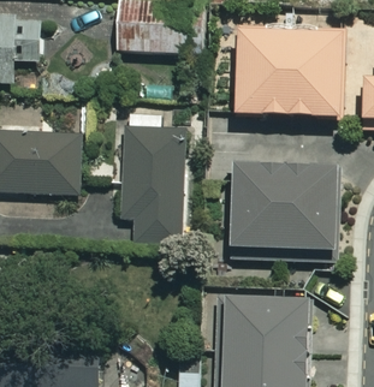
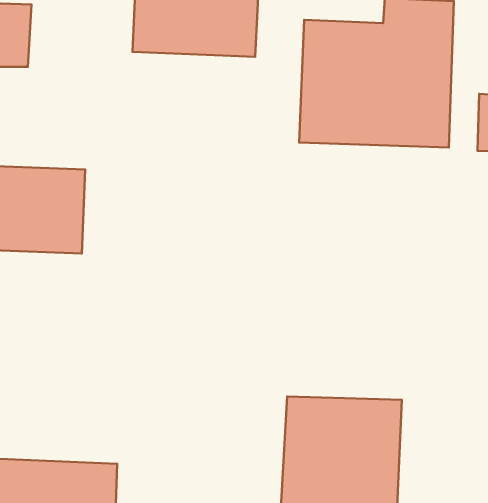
building: [121,108,183,248] -> none
building: [230,168,338,251] -> none

